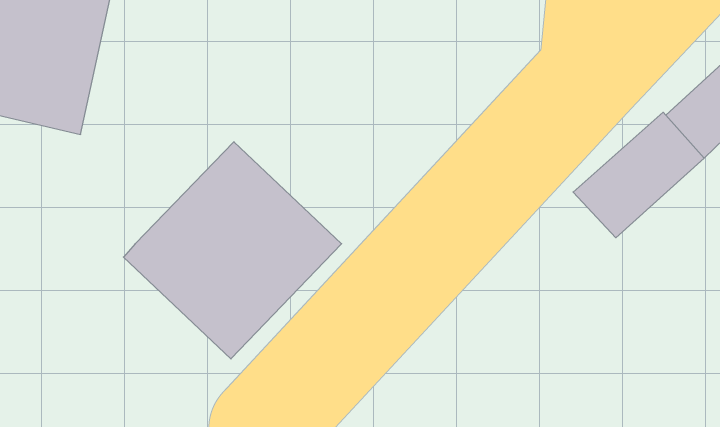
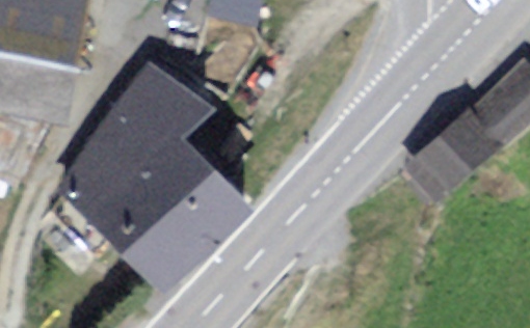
building: none -> [71,60,192,192]

